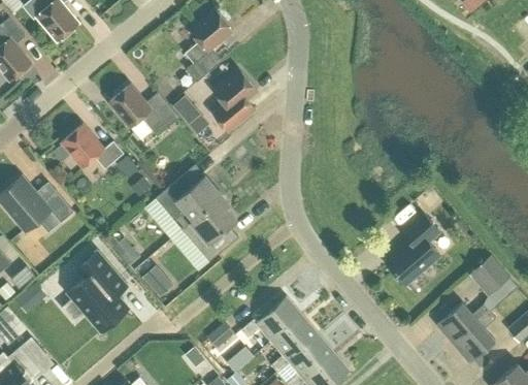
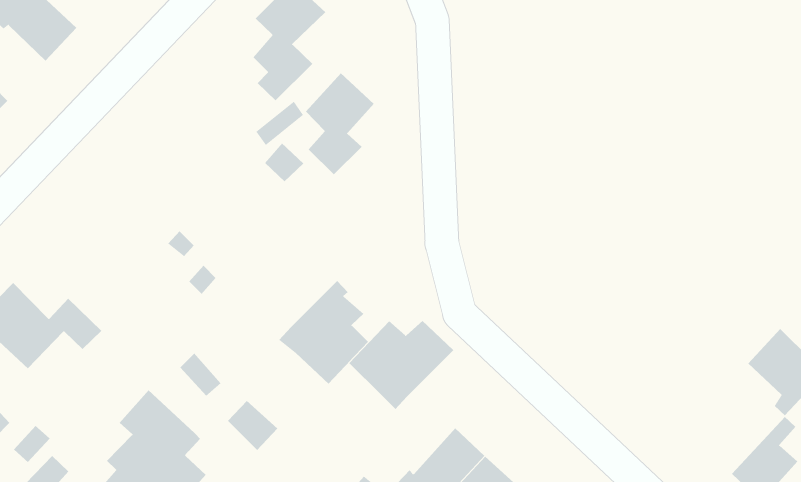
building: [107,85,179,136] -> none
building: [60,124,124,170] -> none
building: [156,174,222,230] -> [349,320,454,410]
building: [385,213,439,286] -> none
building: [435,302,489,344] -> none

